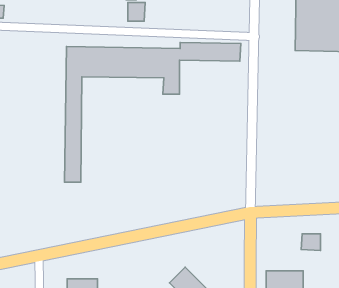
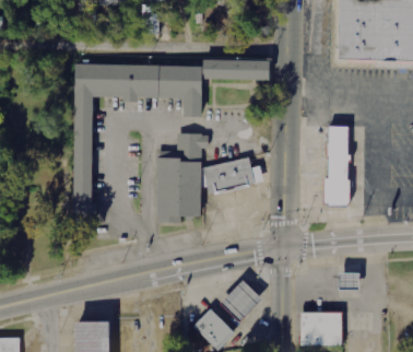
building: none -> [323,126,359,207]
building: none -> [156,133,251,221]
building: none -> [220,280,261,322]

